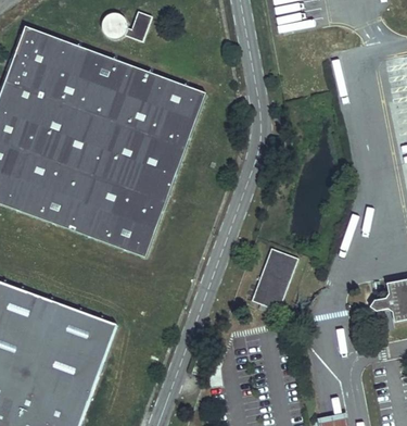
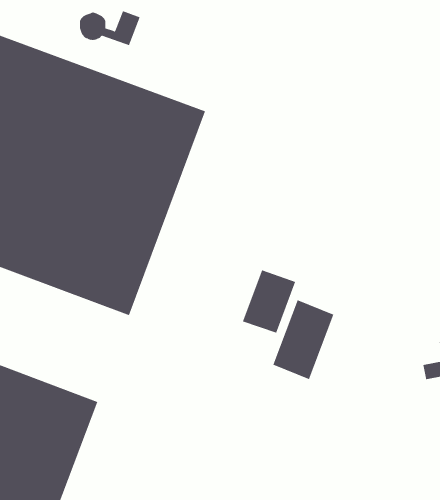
building: none -> [242,270,296,334]

